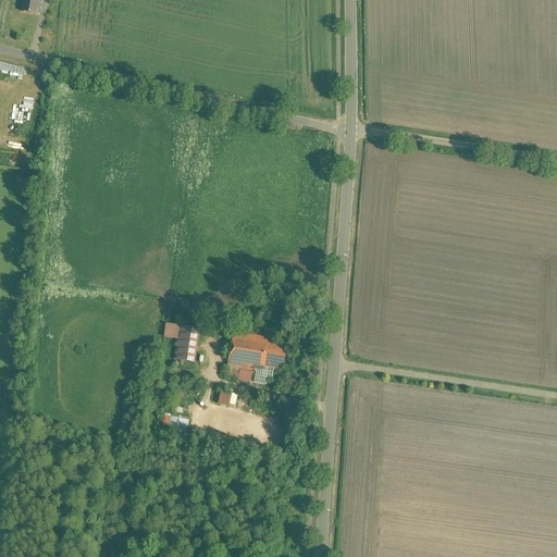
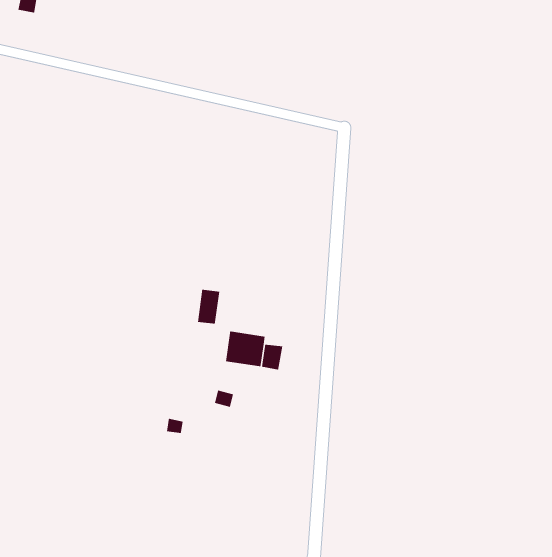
building: [171,326,194,361] -> [197,289,220,324]

